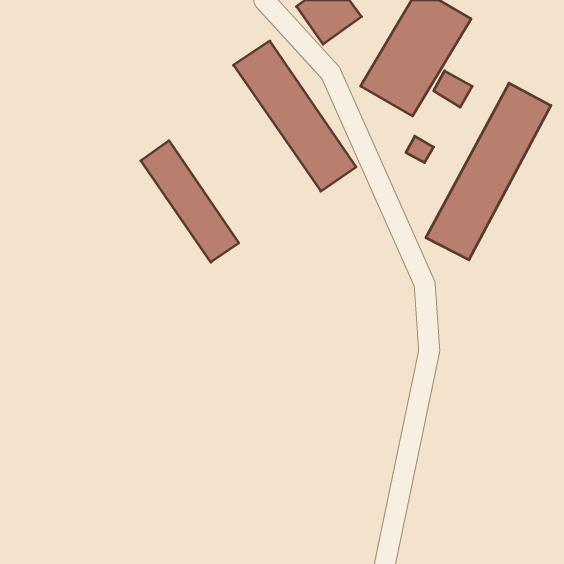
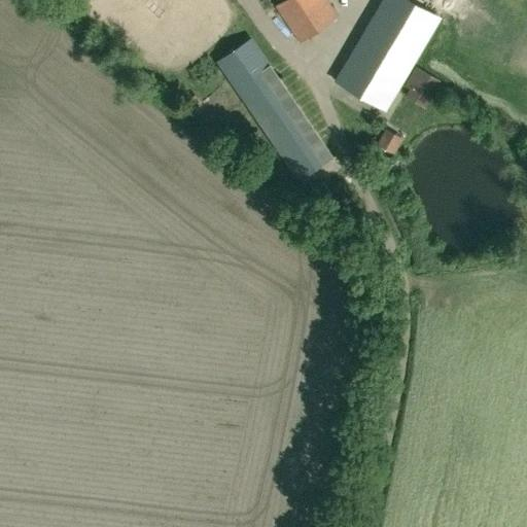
building: [426,83,551,260] -> none
building: [141,141,239,262] -> none

